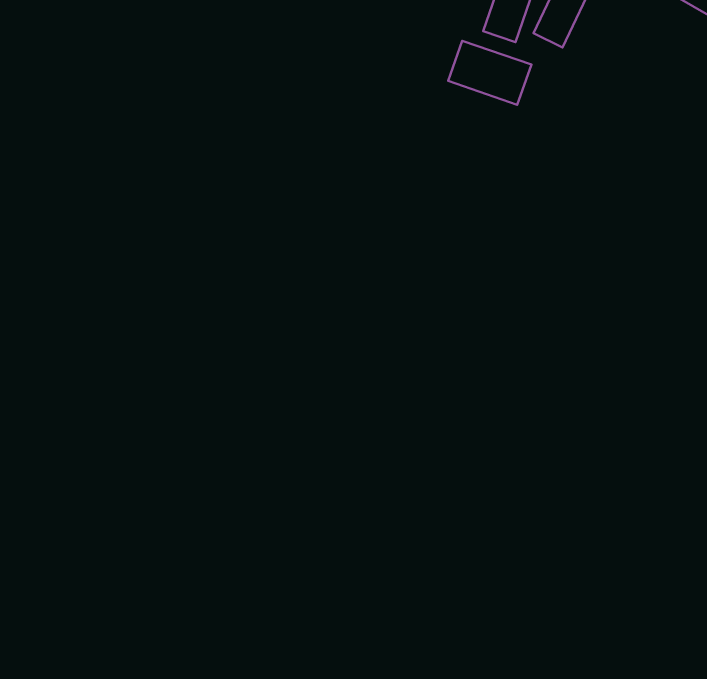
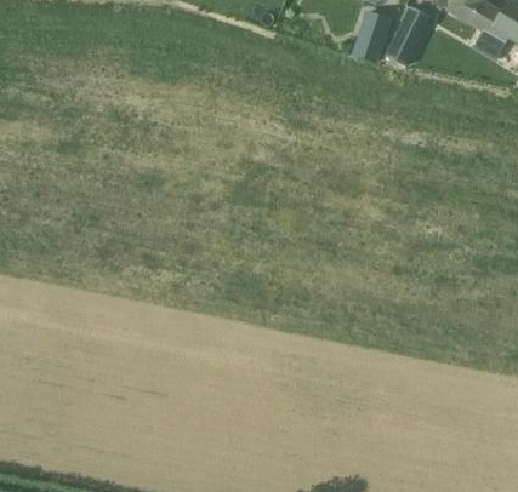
building: [448,41,531,105] -> none

